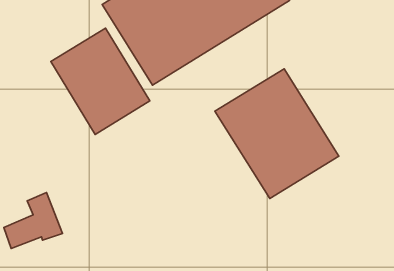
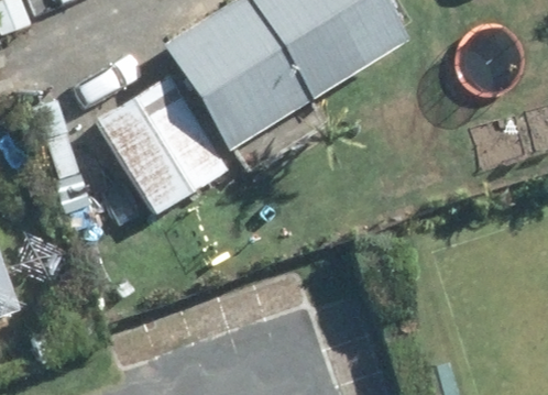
building: [215,69,339,199] -> none

